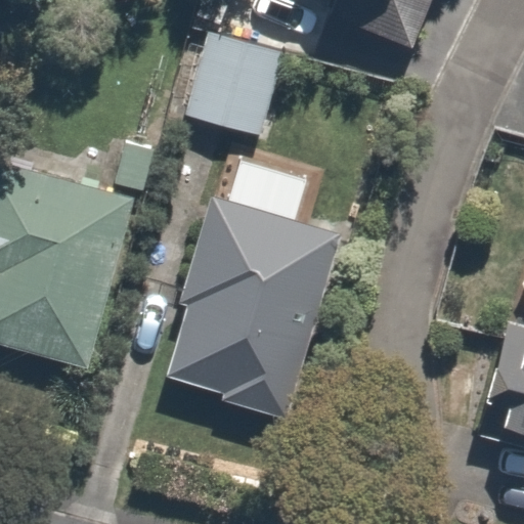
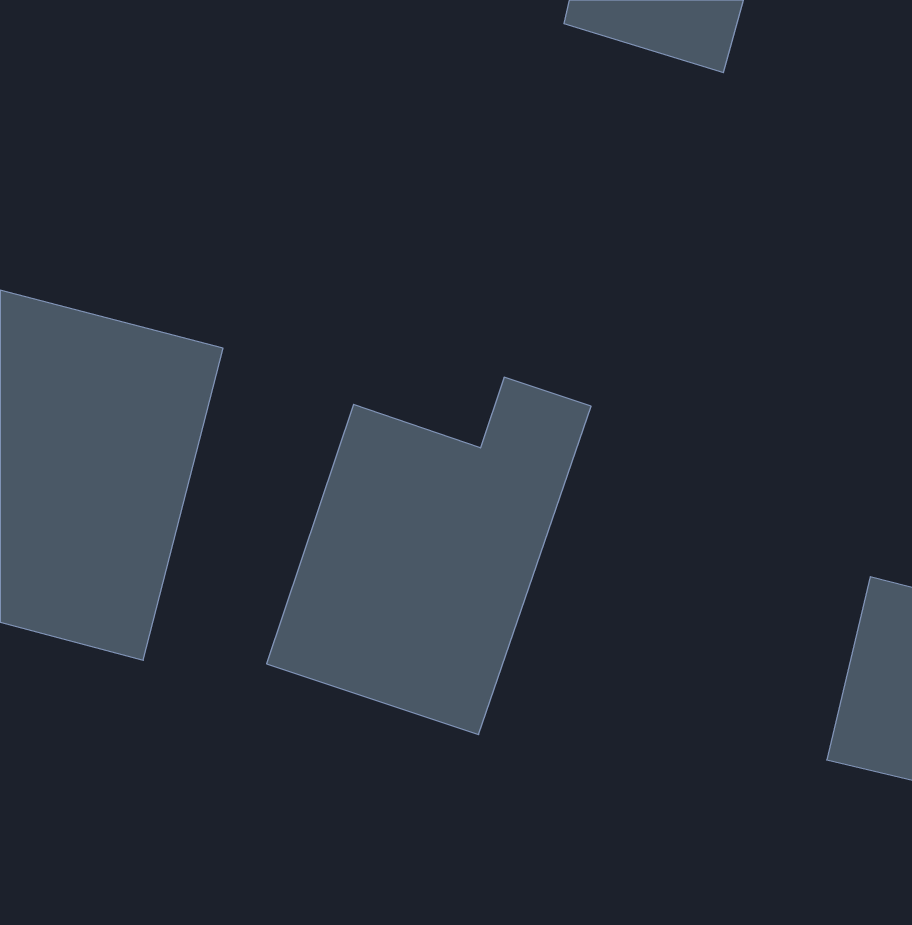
building: [182,20,287,129] -> none

